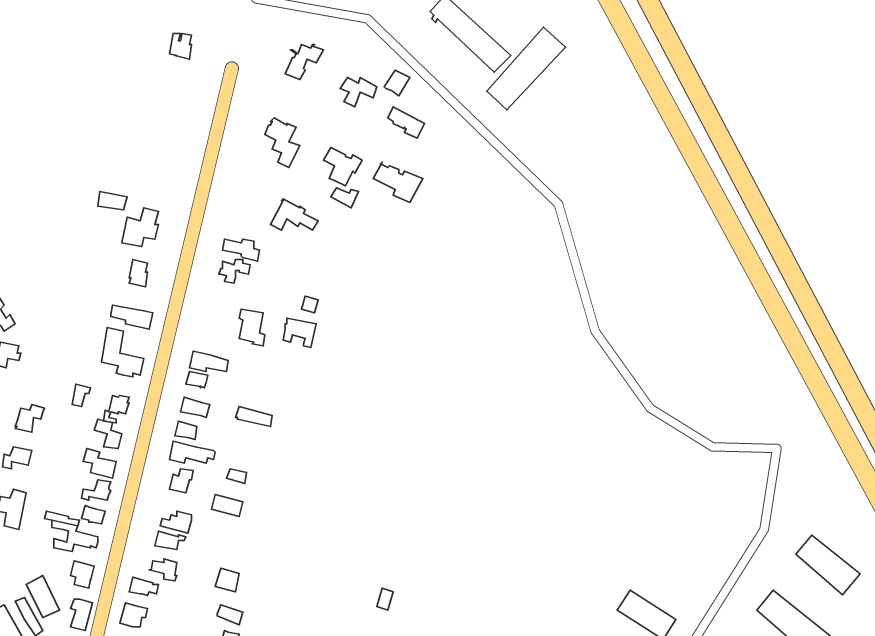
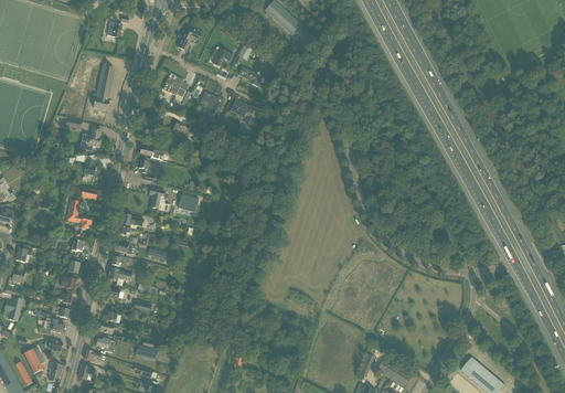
building: [487,27,566,110] -> none
building: none -> [93,65,114,109]
building: [796,535,860,595] -> none

